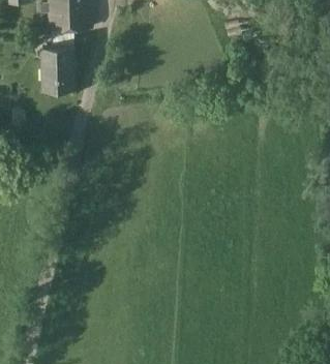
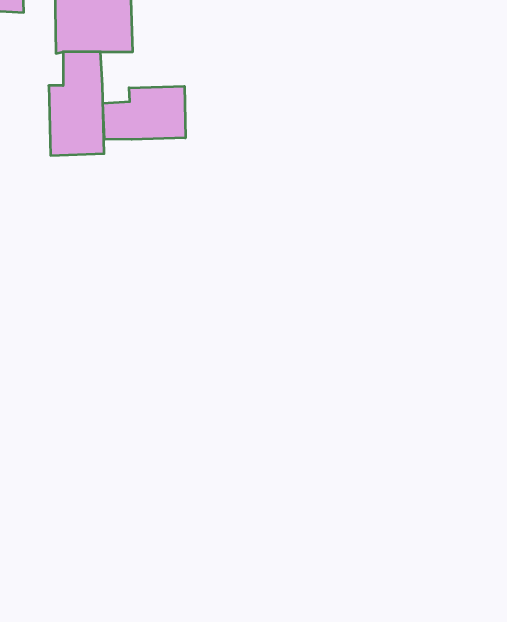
building: none -> [103,86,185,139]

